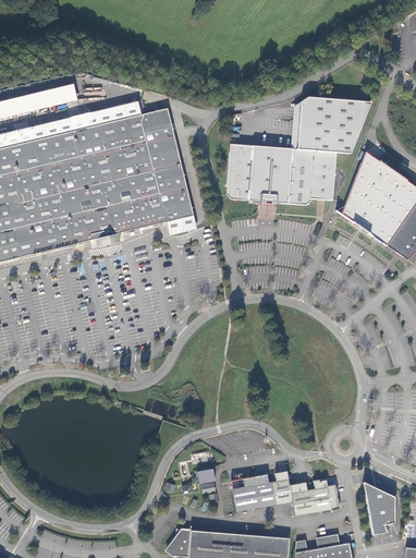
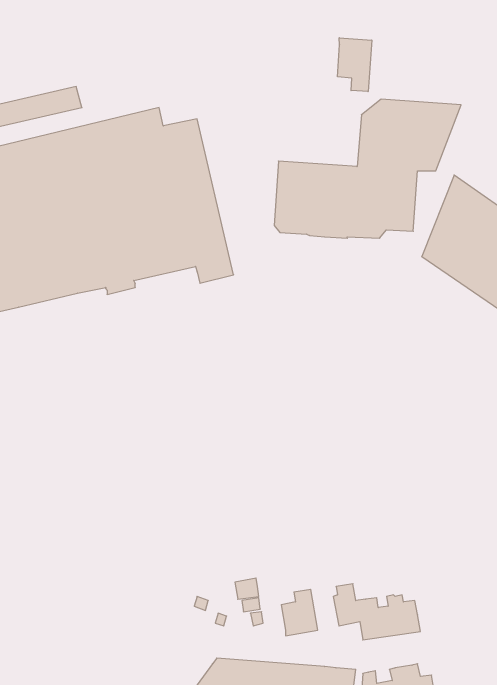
building: none -> [338,38,372,92]
building: [255,474,277,507] -> none
building: [363,482,394,534] -> none

